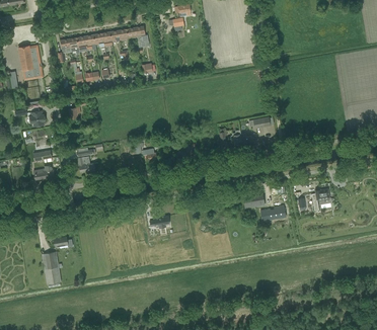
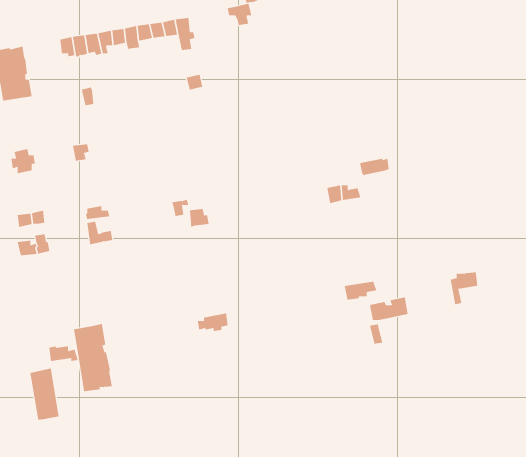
building: none -> [74,323,113,392]

